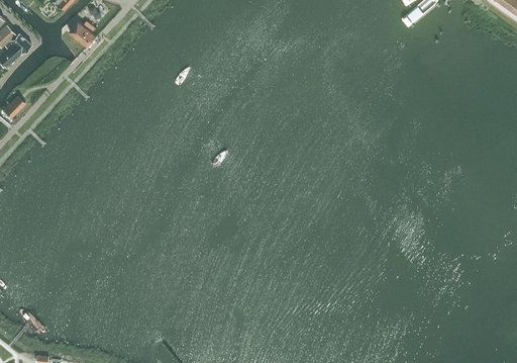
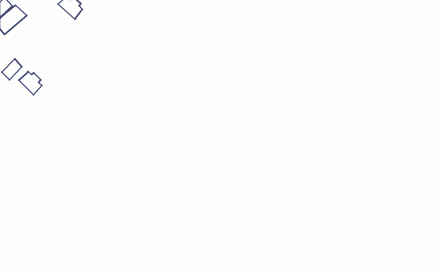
building: none -> [19,72,42,95]

